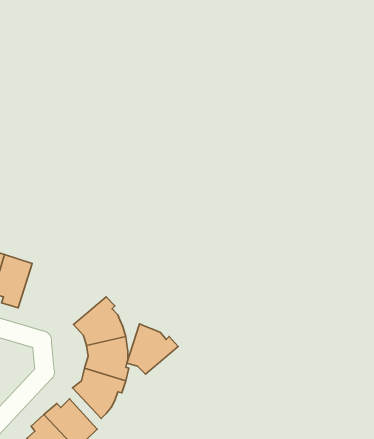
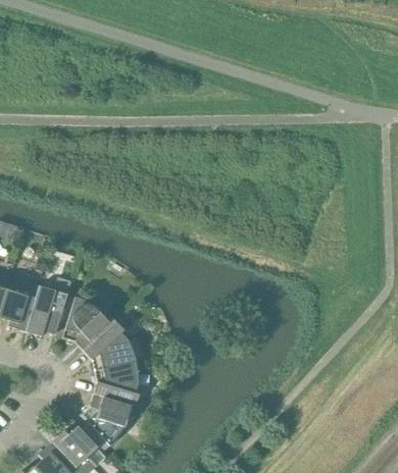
building: none -> [24,278,71,337]
building: [127,324,178,374] -> [62,298,115,350]

